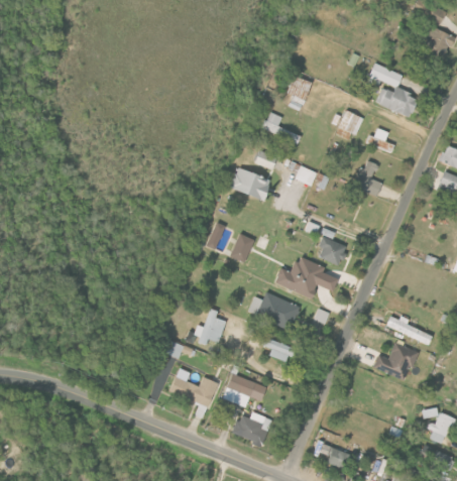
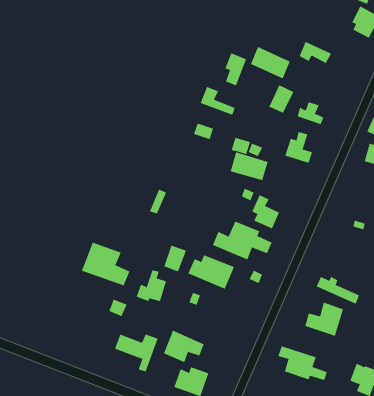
building: [375,83,419,118] -> [250,46,291,79]
building: [229,167,270,199] -> [230,152,269,181]
building: [230,233,255,262] -> [163,245,187,272]
building: none -> [81,242,130,286]
building: [261,338,294,362] -> none
building: none -> [277,345,328,381]

